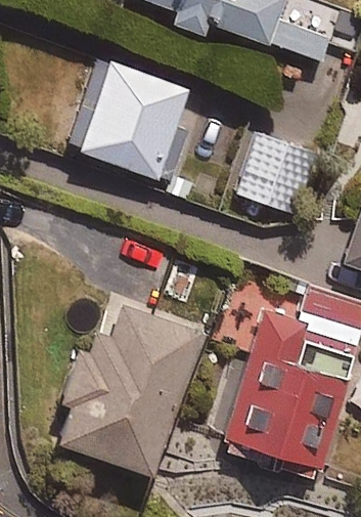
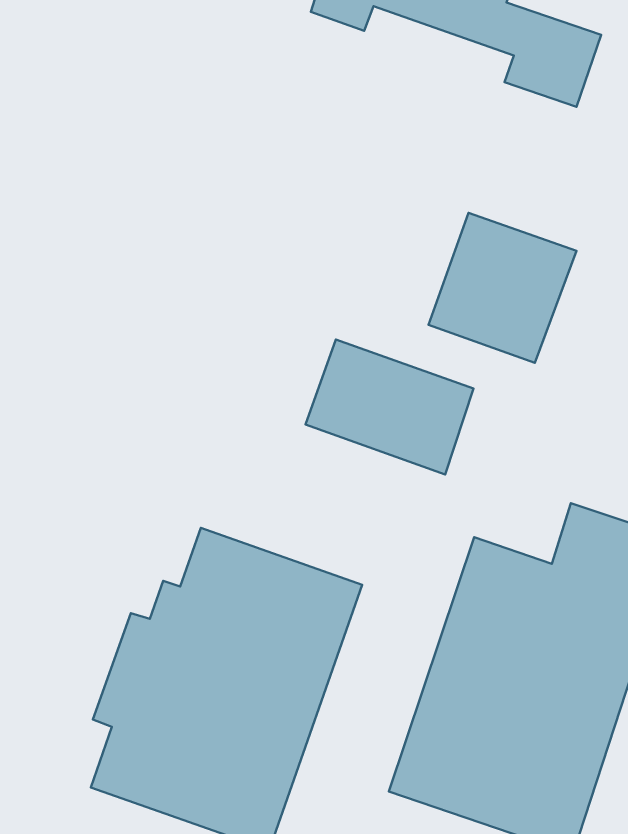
building: [70,57,191,183] -> none
building: none -> [305,340,473,475]

